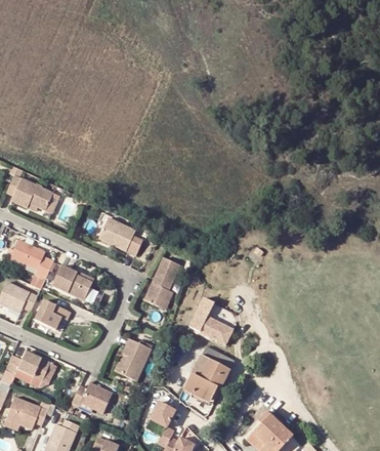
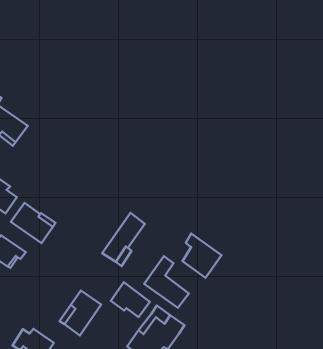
building: [95,218,140,256] -> none
building: none -> [182,234,221,278]
building: none -> [111,282,150,317]

